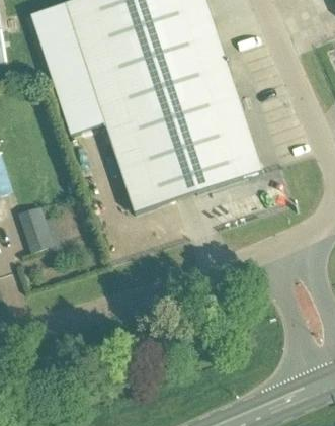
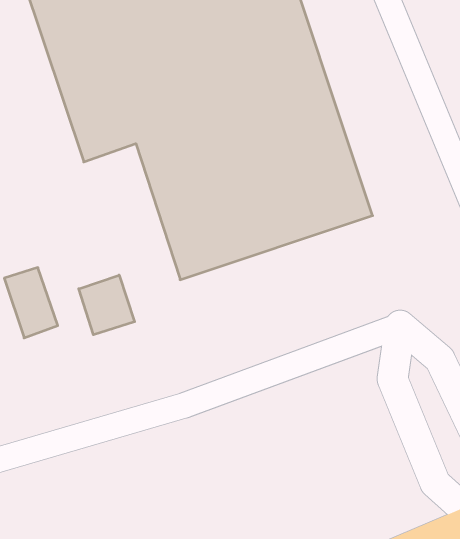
building: none -> [79,275,135,335]

